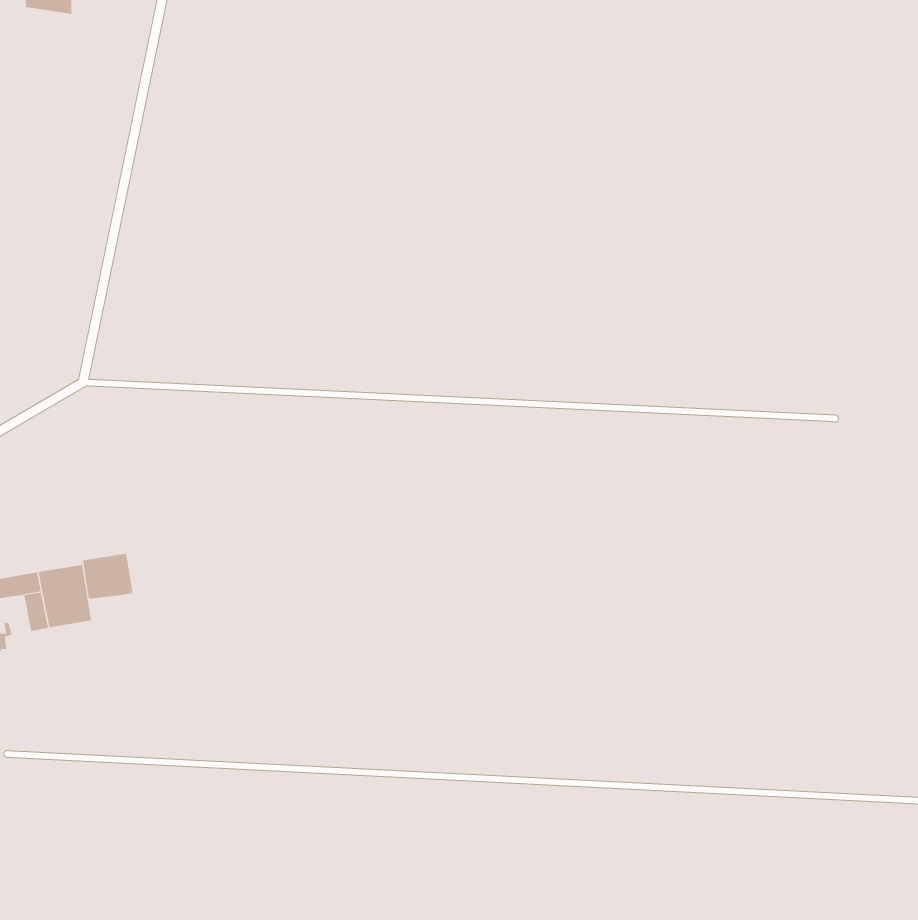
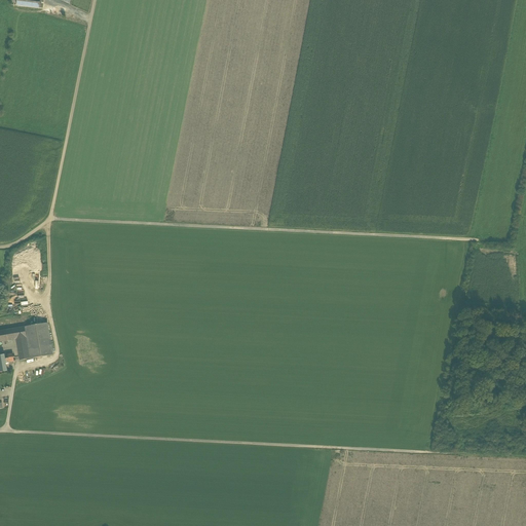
building: [82,553,133,599] -> none

